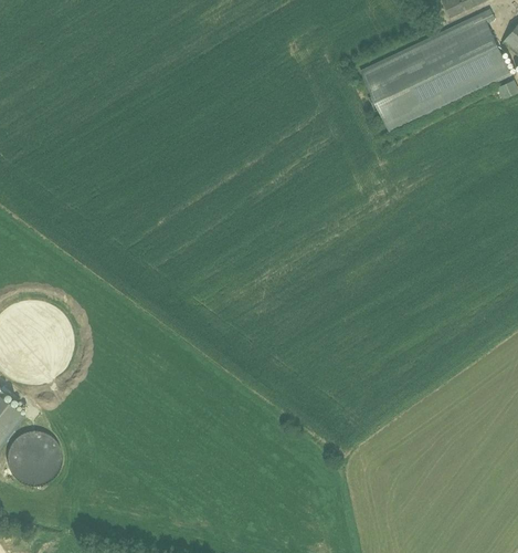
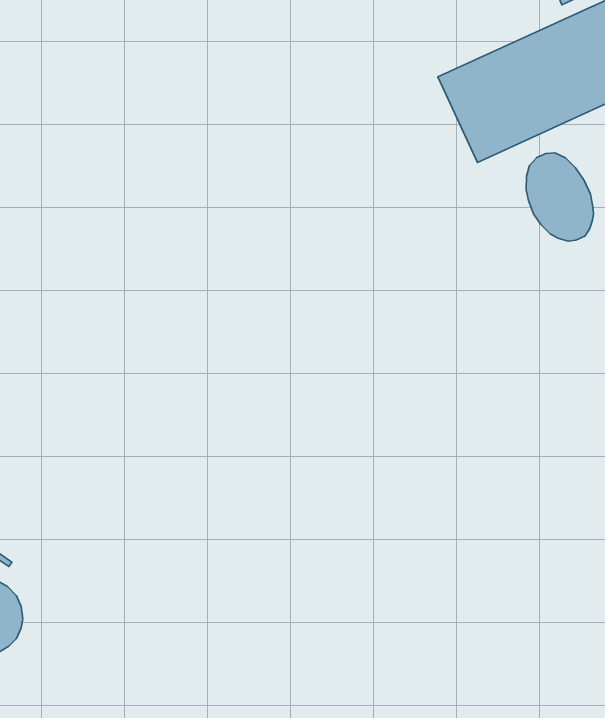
building: none -> [526,153,593,241]

